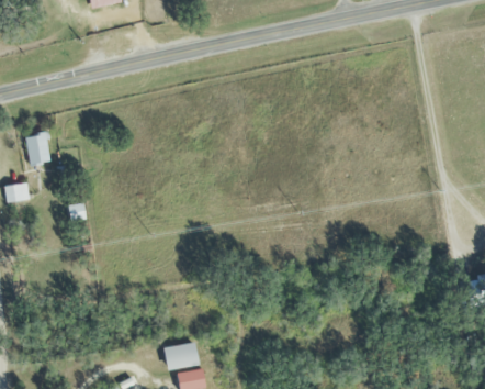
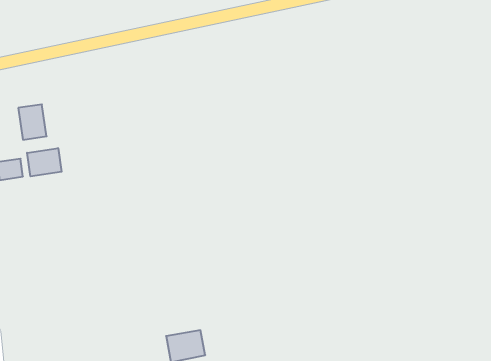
building: none -> [27,148,62,176]

